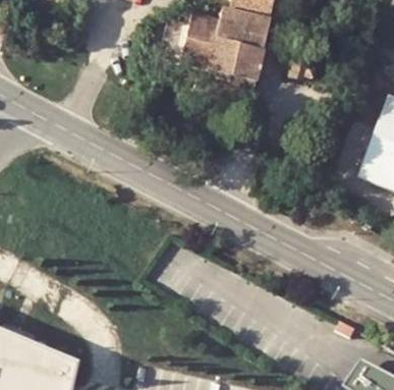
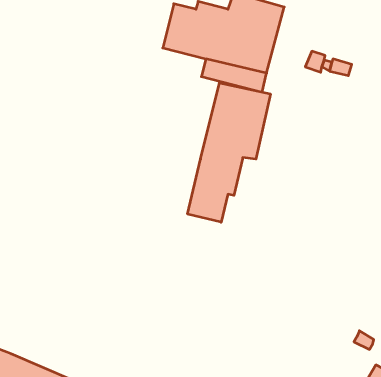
building: none -> [188,83,270,222]

